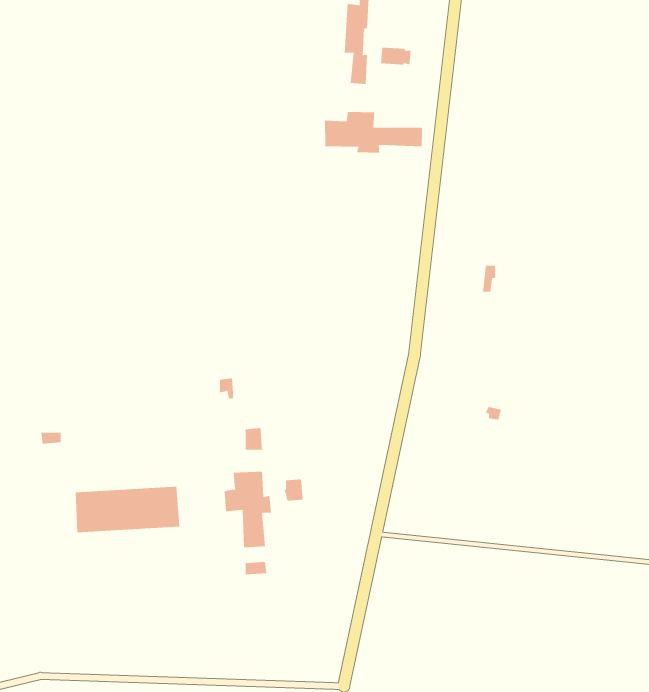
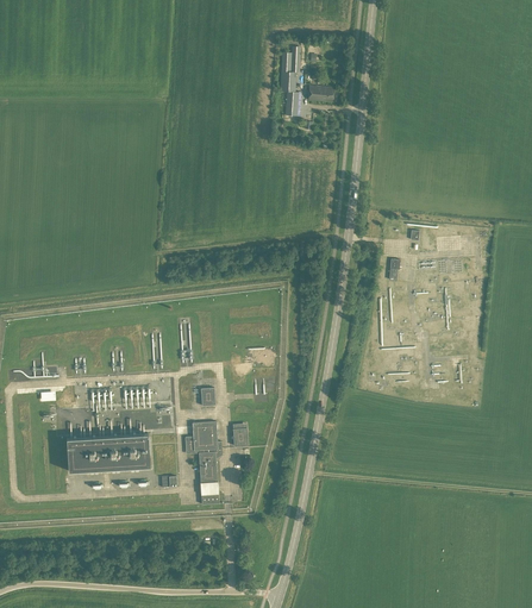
building: [325,111,423,154] -> none

